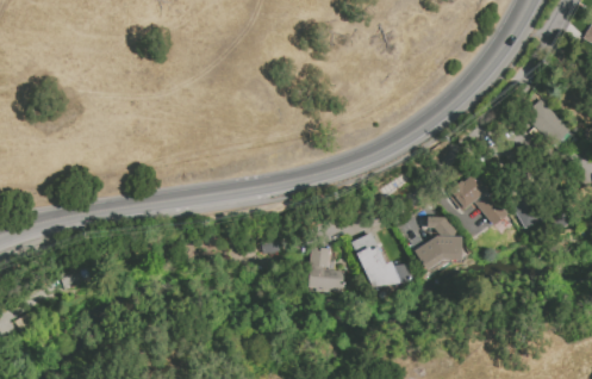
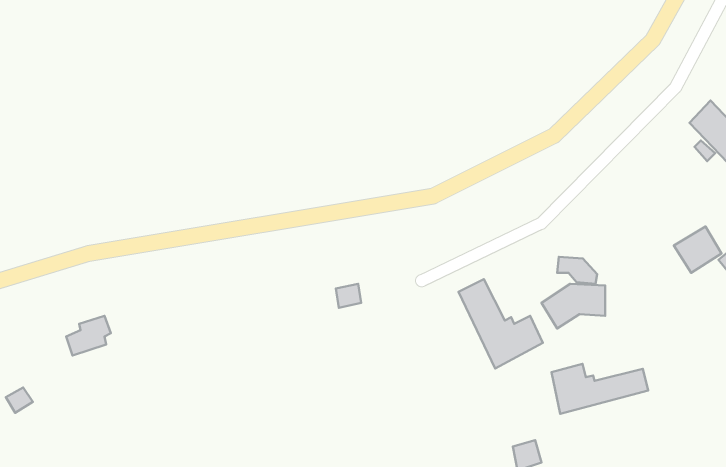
building: [445,174,506,225] -> none
building: [307,247,343,293] -> none
building: none -> [552,364,648,414]

